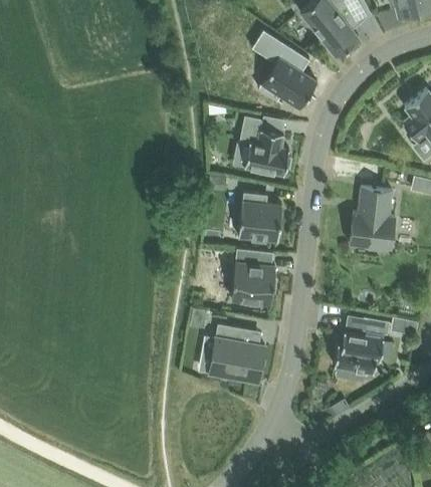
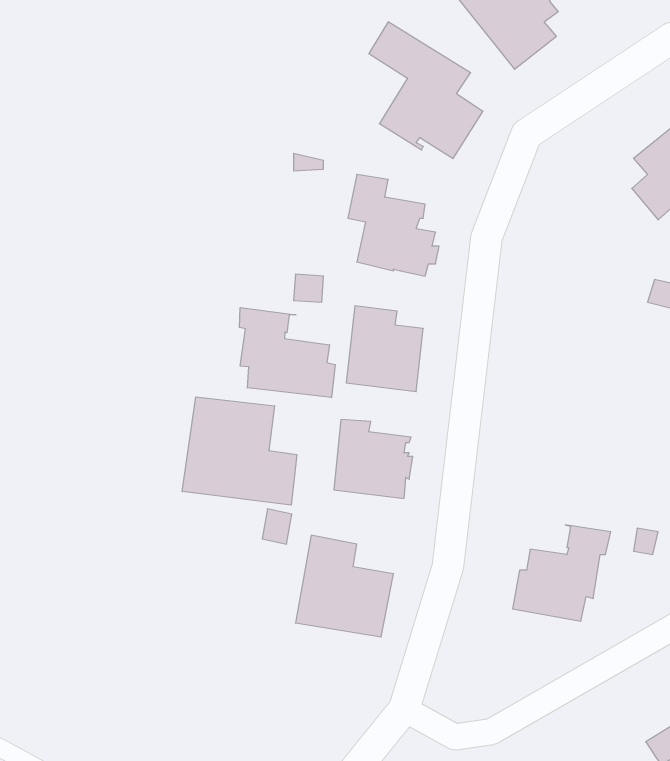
building: [349,189,395,254] -> none
building: none -> [239,308,335,398]
building: none -> [182,397,297,505]

